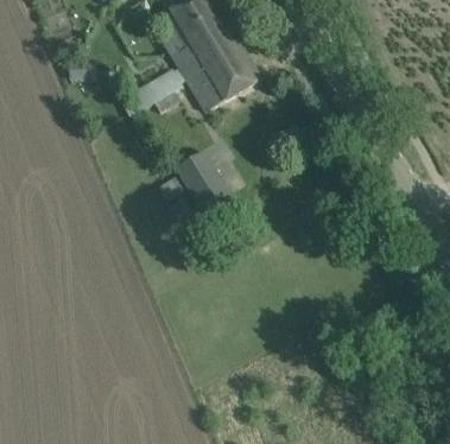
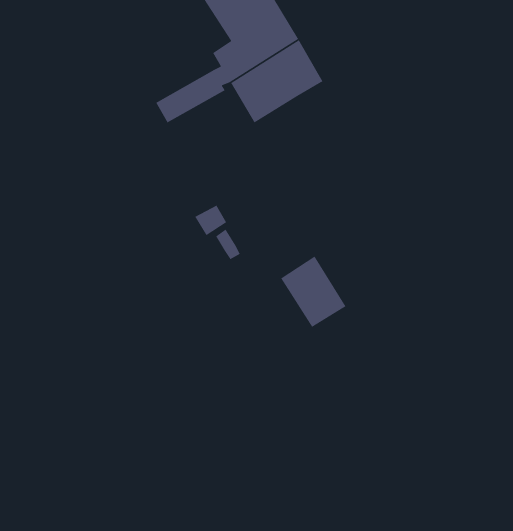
building: [175,150,227,207] -> [280,256,346,328]

